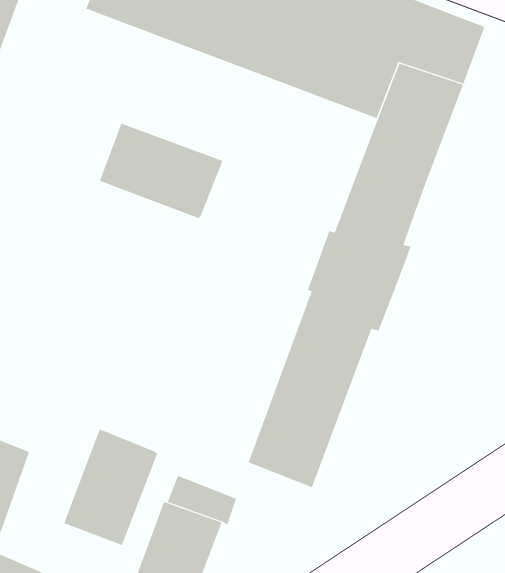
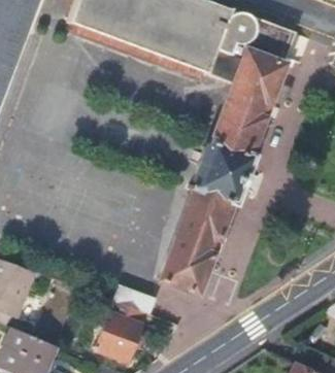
building: [99,123,223,219] -> none
building: [64,428,158,546] -> none

